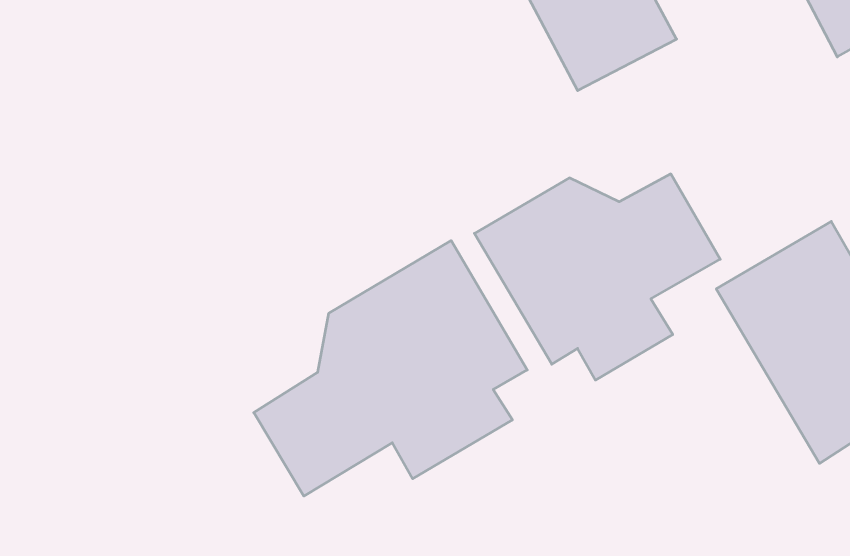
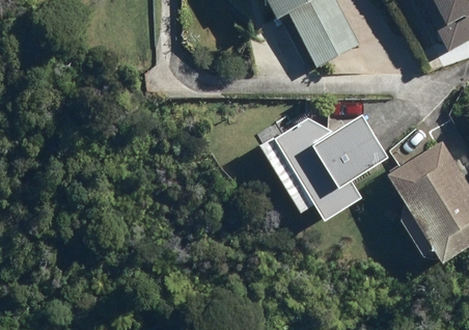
building: [254,241,527,496] -> none

